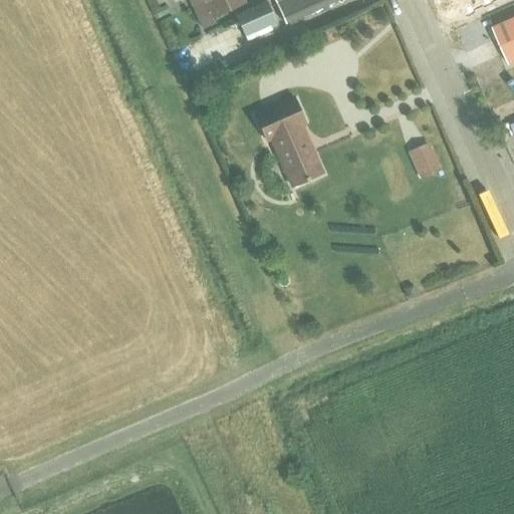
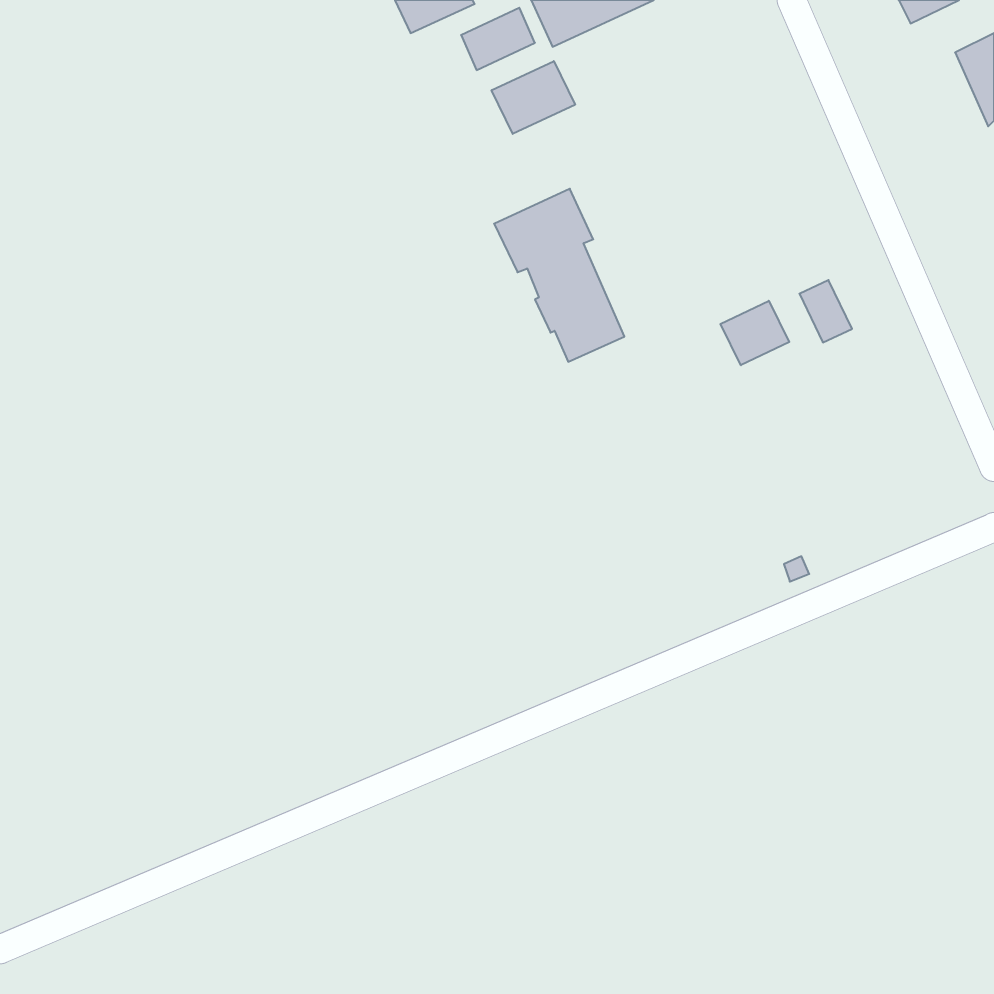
building: none -> [492,61,575,134]
building: none -> [720,301,789,365]

